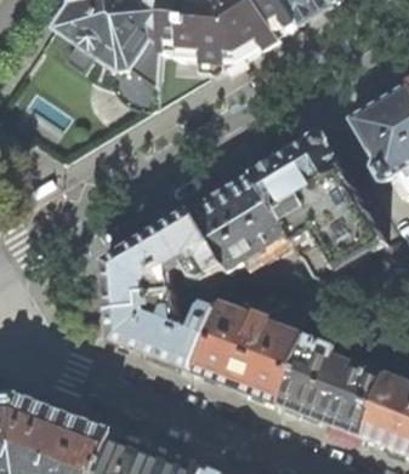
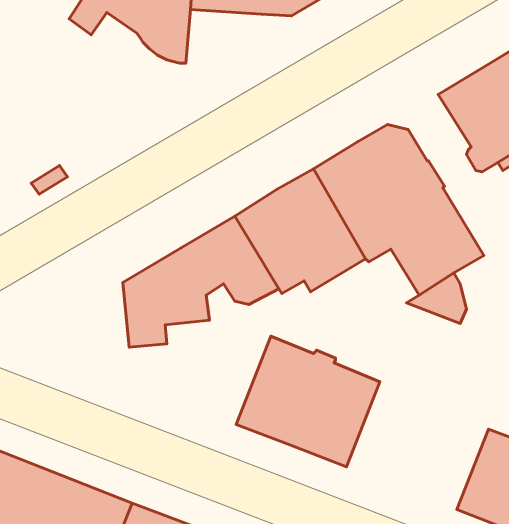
building: [109,291,216,371] -> none
building: [277,336,394,436] -> none

